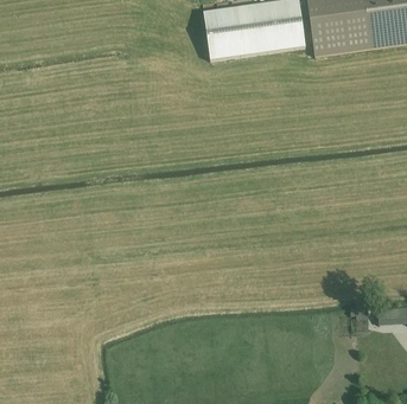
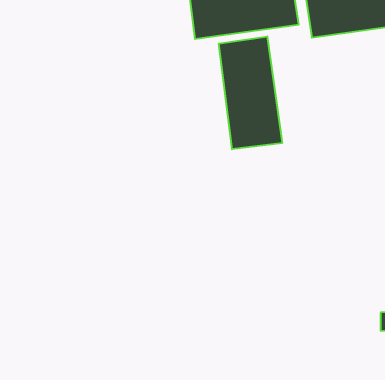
building: none -> [219,36,282,149]

